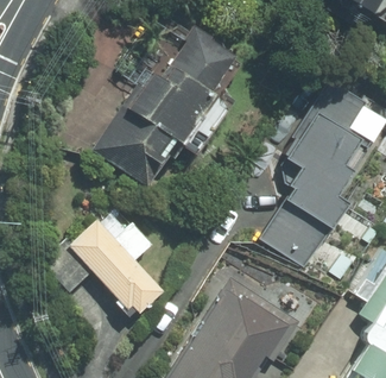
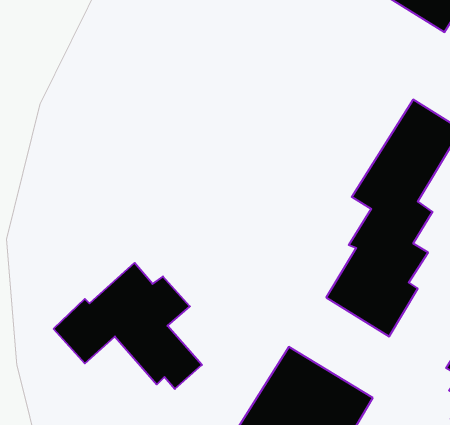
building: [100,26,228,181] -> none

